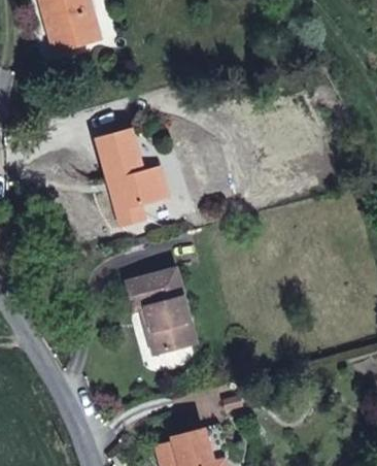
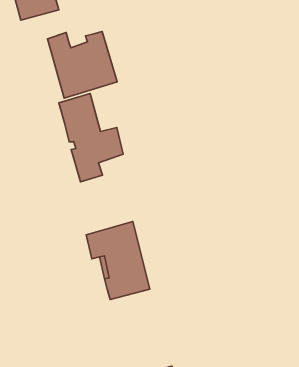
building: none -> [48,31,117,98]

